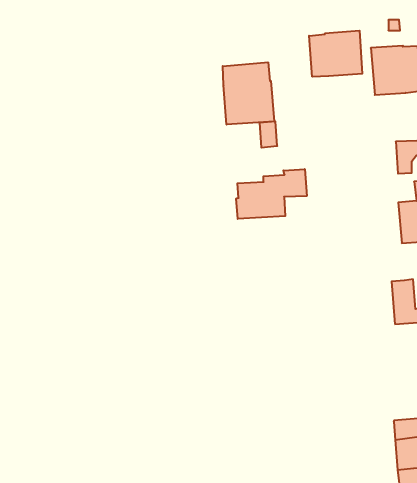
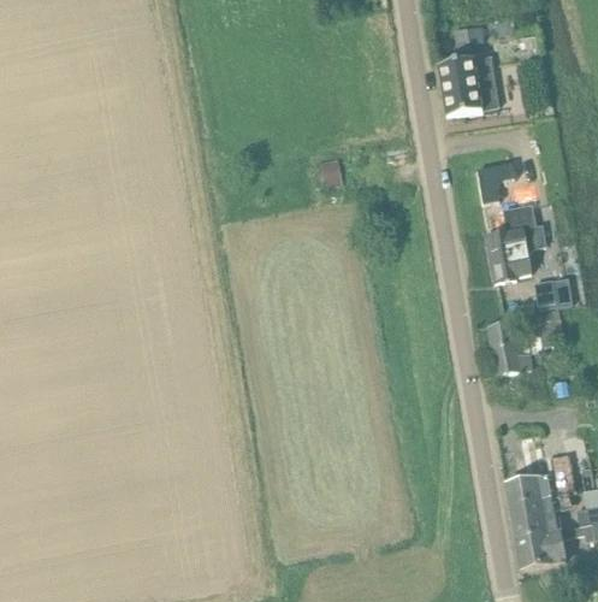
building: [309,31,362,77] -> none
building: [223,62,274,125] -> none
building: [236,169,307,219] -> none

